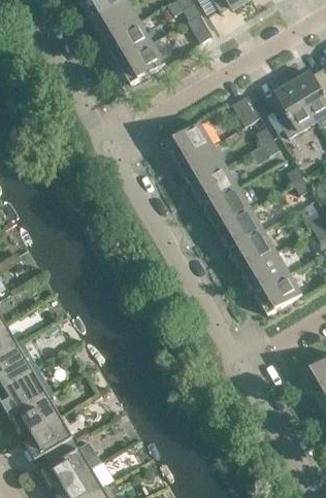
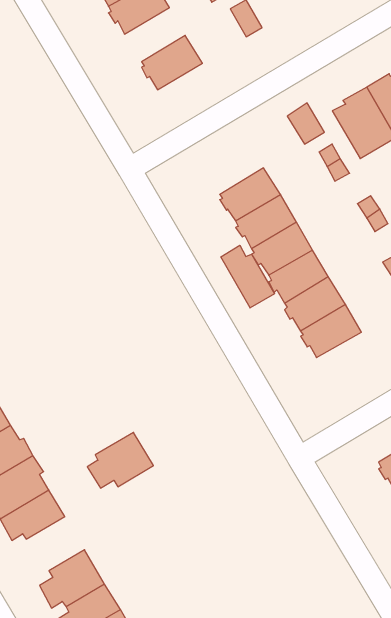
building: [105,20,153,62] -> none
building: [166,122,214,165] -> none
building: none -> [221,245,275,308]
building: [255,272,302,314] -> none
building: [23,416,74,459] -> [87,432,153,488]

